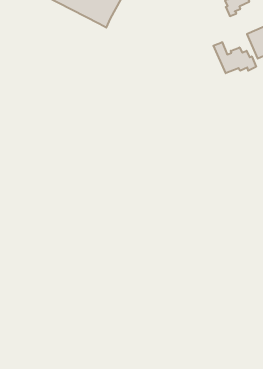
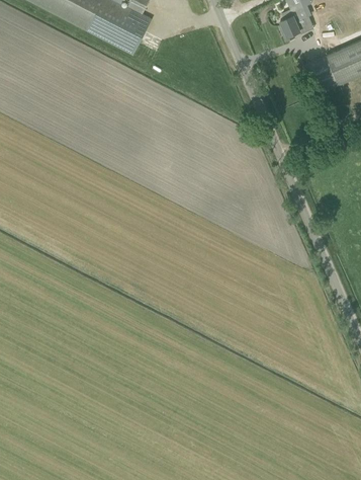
building: [213,42,256,73] -> none

